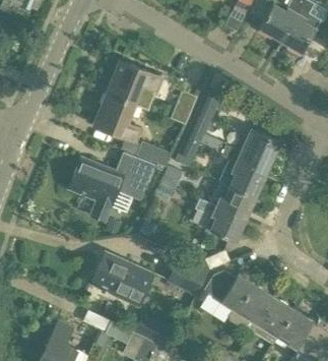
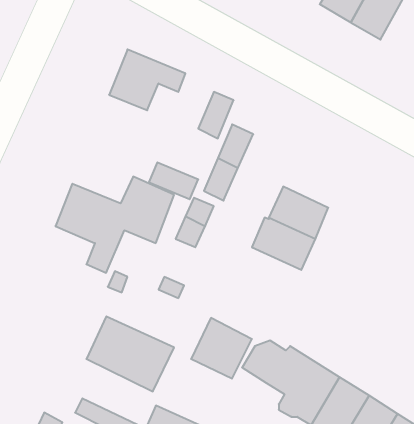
building: [94,93,141,141] -> none
building: [221,128,280,174] -> none
building: [195,198,246,240] -> none

